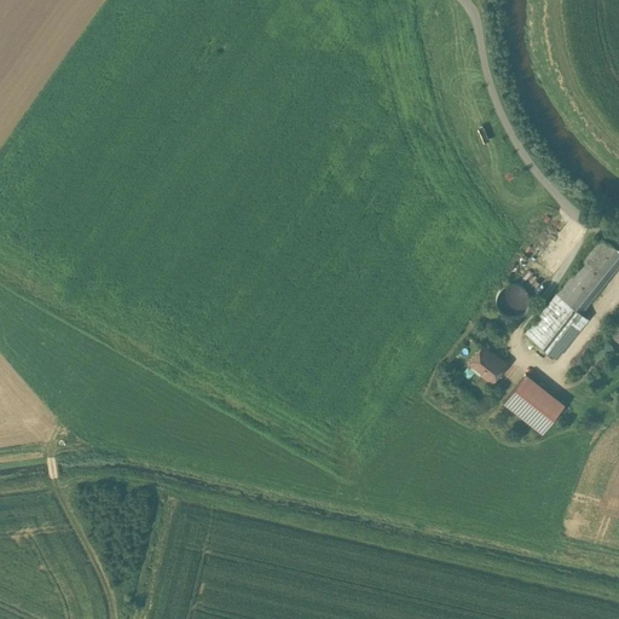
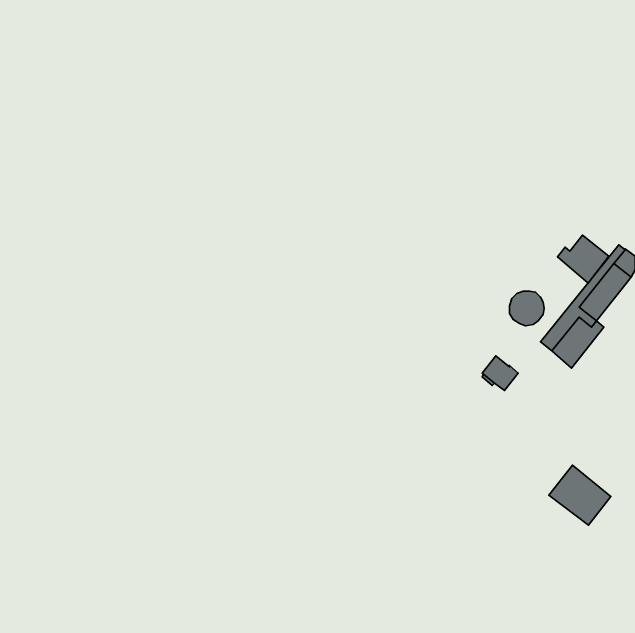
building: none -> [557,235,609,283]
building: [503,375,563,433] -> [549,465,611,525]

